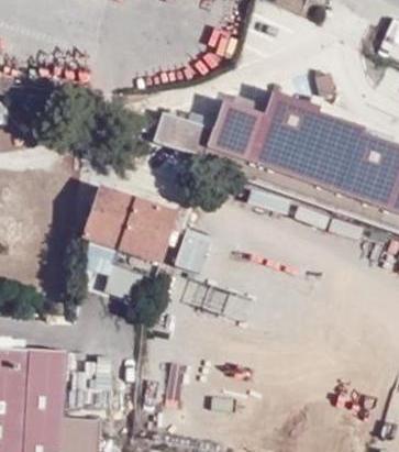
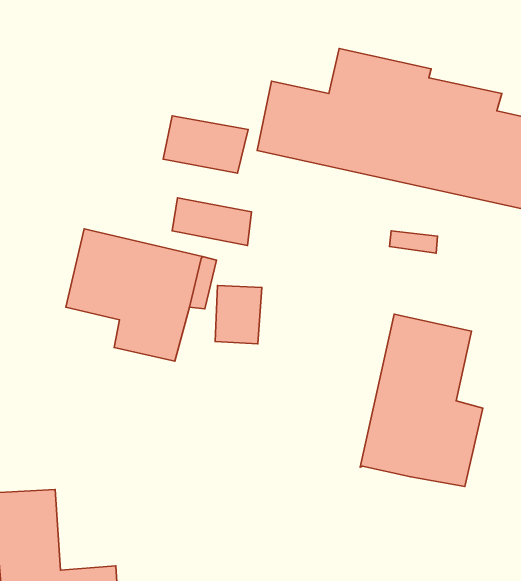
building: none -> [172,198,252,245]
building: none -> [360,314,483,487]

